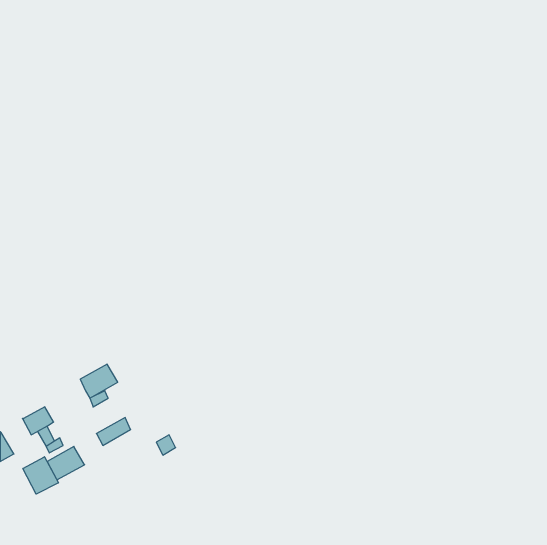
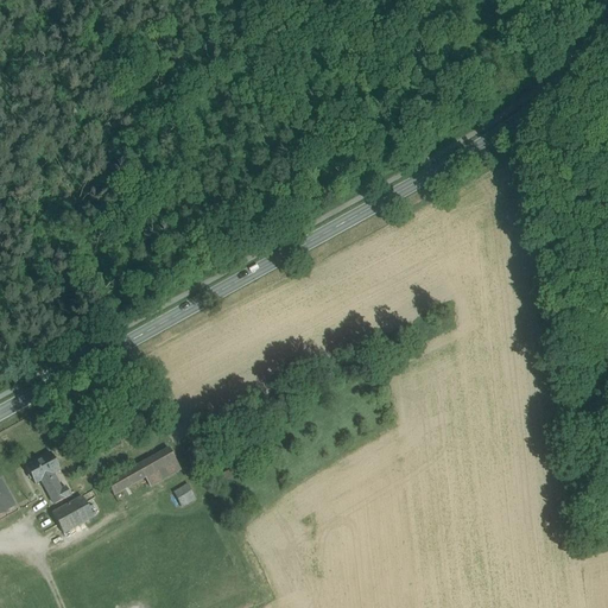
building: [80,364,118,398] -> [139,446,180,484]
building: [23,457,58,494] -> none

